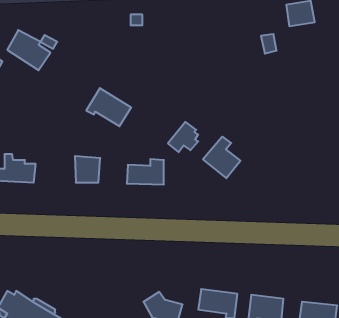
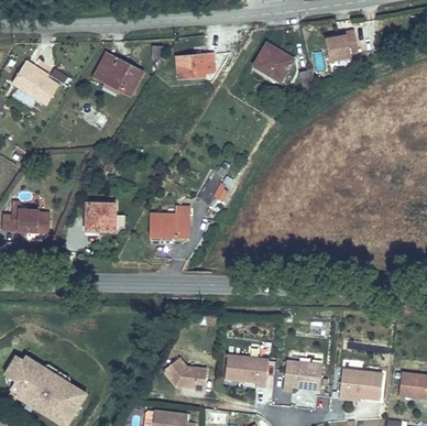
building: none -> [253,41,294,80]
building: none -> [176,54,216,75]
building: [86,88,131,126] -> [88,50,139,92]
building: [203,137,240,178] -> none

